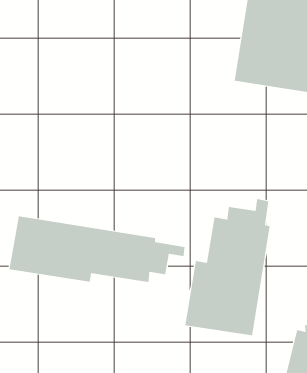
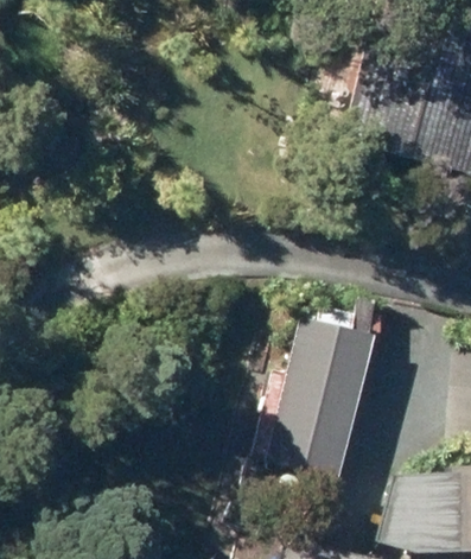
building: [9,216,185,283] -> none

